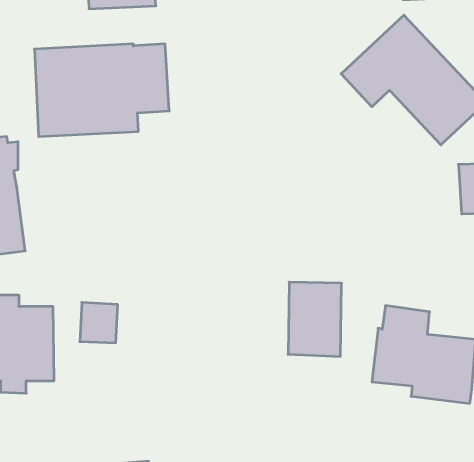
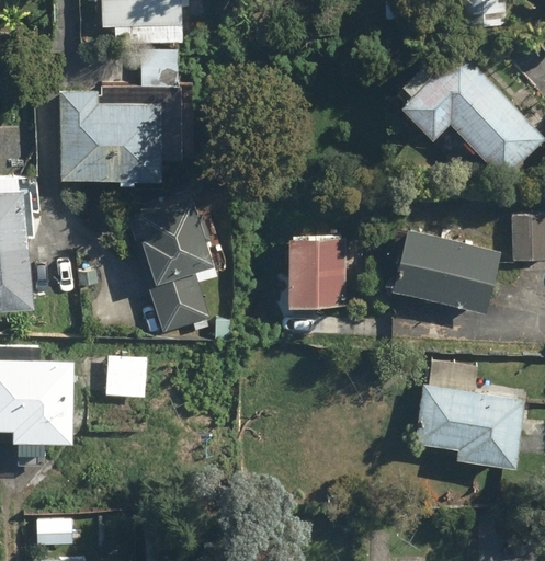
building: none -> [127,191,220,335]
building: none -> [391,225,504,317]
building: [288,282,342,356] -> [288,231,345,310]

